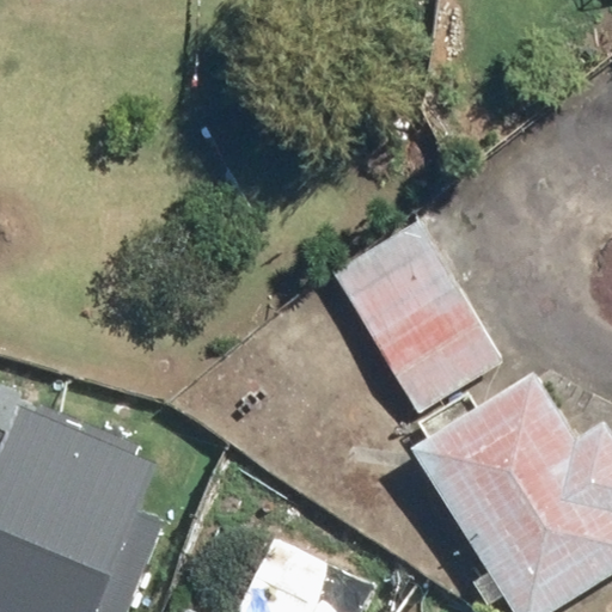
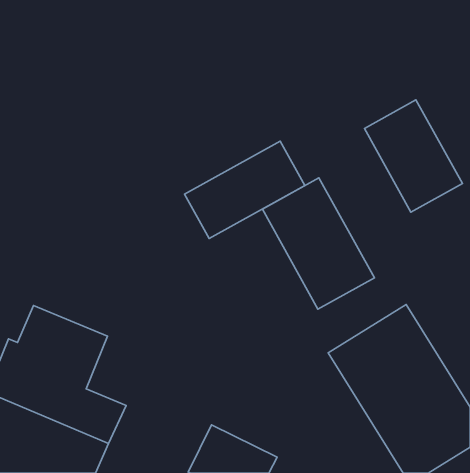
building: none -> [364,100,463,212]
building: none -> [185,141,305,239]

